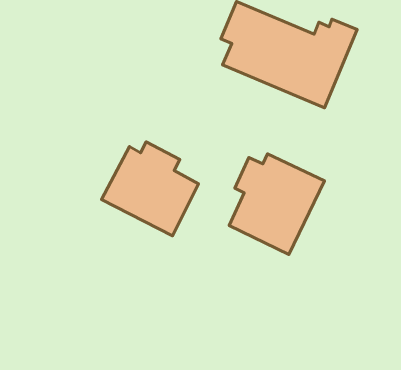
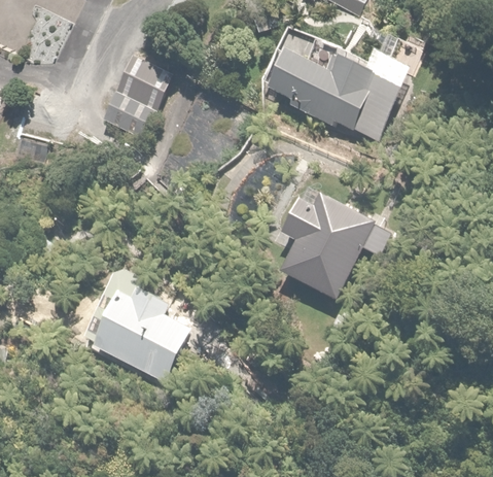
building: none -> [97,54,170,137]
building: [101,142,199,236] -> [85,280,192,384]

